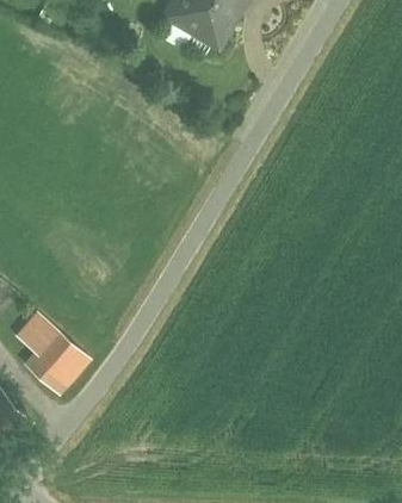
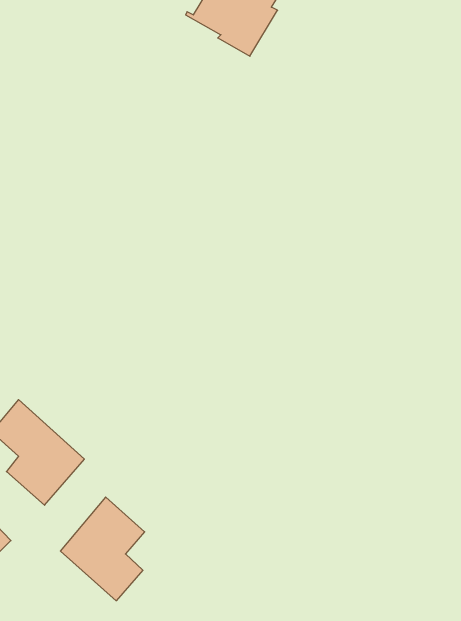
building: none -> [60,497,145,601]

